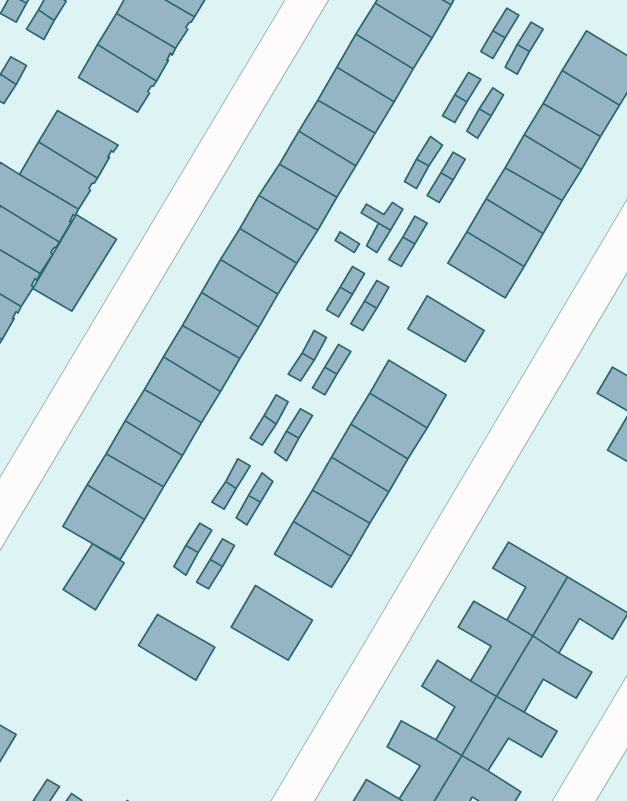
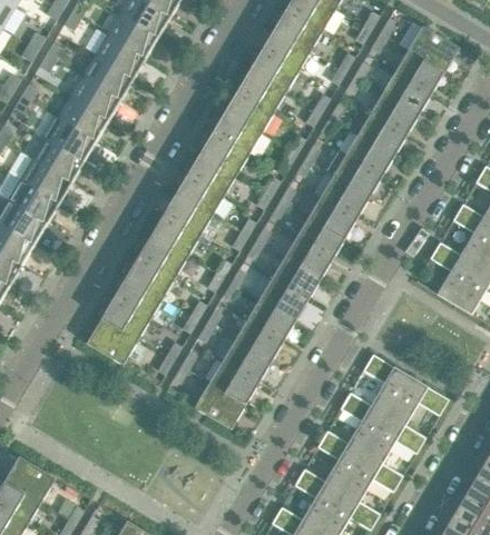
building: none -> [82,56,134,99]
building: [33,214,116,311] -> none
building: none -> [320,175,370,218]
building: none -> [295,217,344,259]
building: [63,544,124,610] -> none
building: [139,614,215,680] -> [209,361,258,404]

